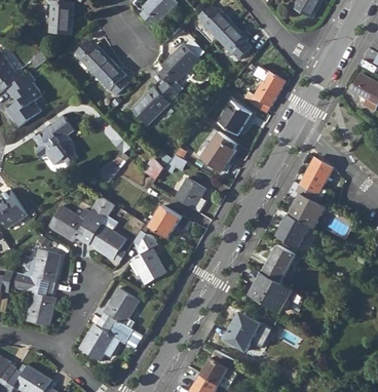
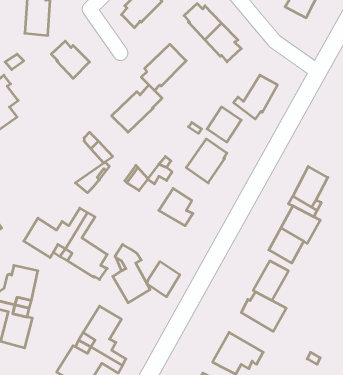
building: [93,60,127,95] -> none
building: [31,115,77,165] -> none
building: [149,205,180,238] -> [147,262,180,297]

